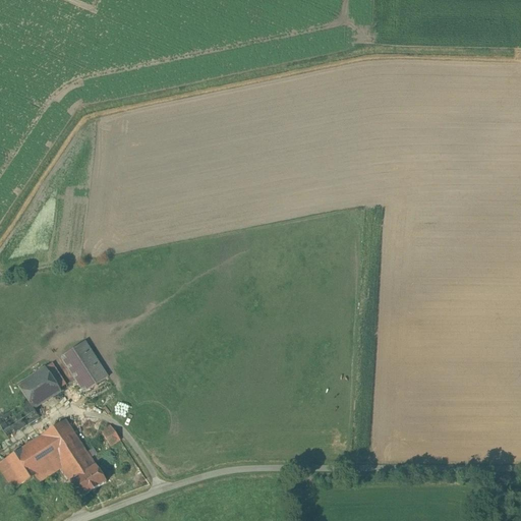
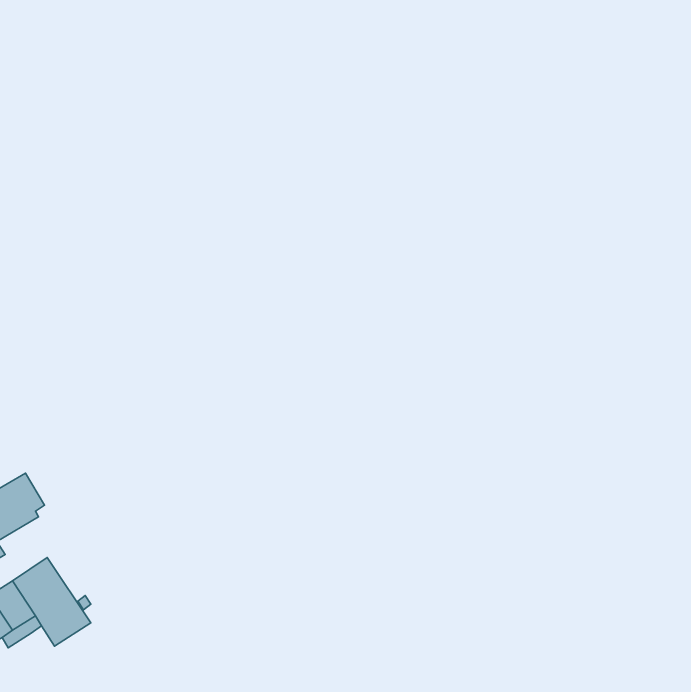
building: [59,337,106,389] -> none
building: [71,464,106,496] -> none

